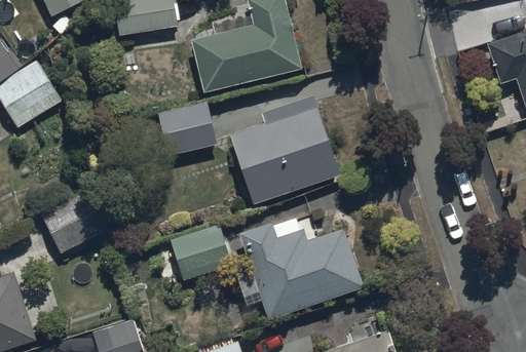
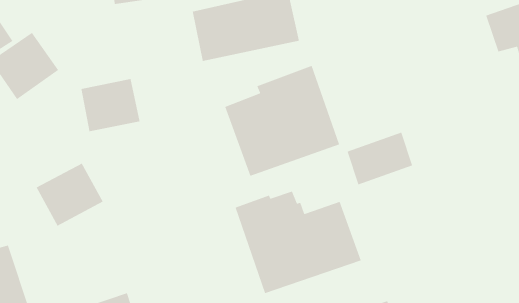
building: [157,103,217,156] -> [80,78,141,132]
building: none -> [346,131,413,185]
building: [170,224,232,279] -> none

